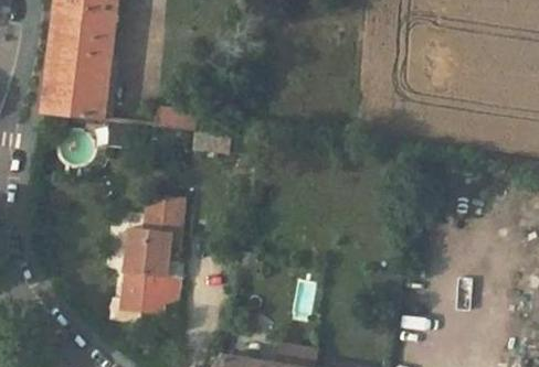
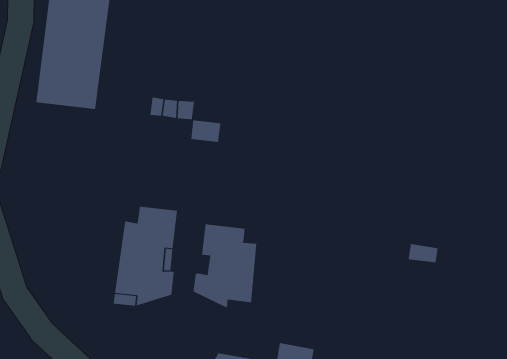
building: none -> [193,223,257,309]

